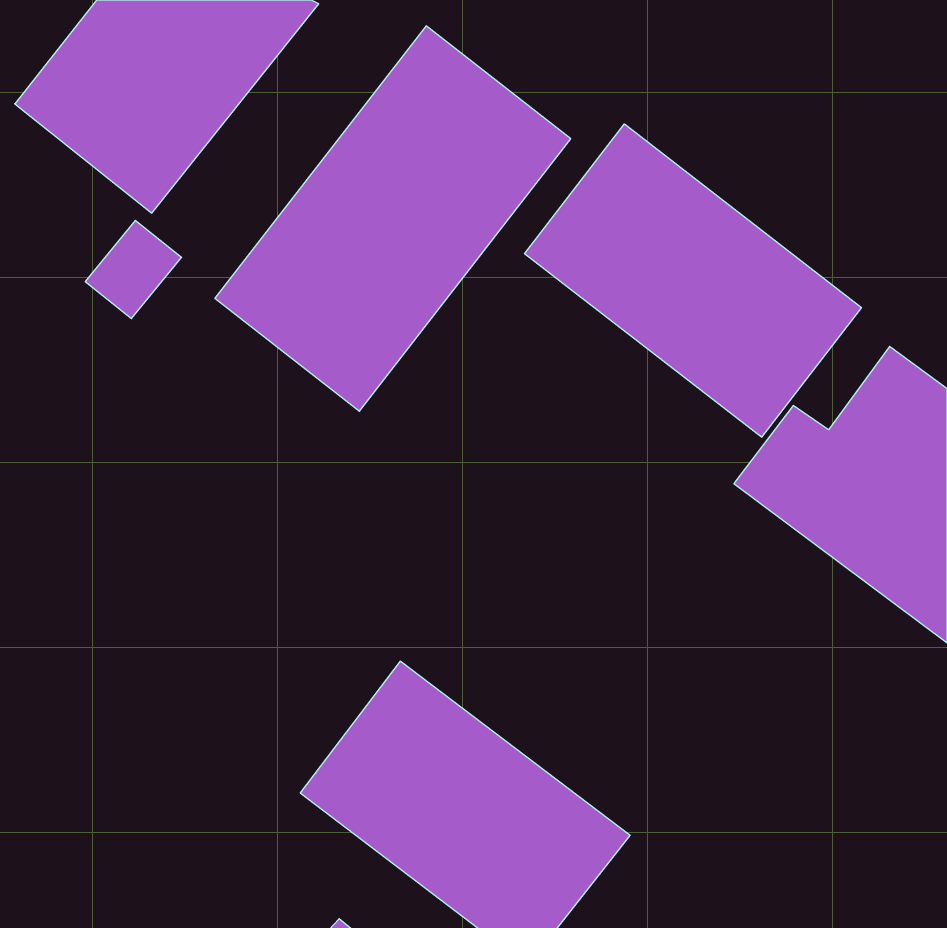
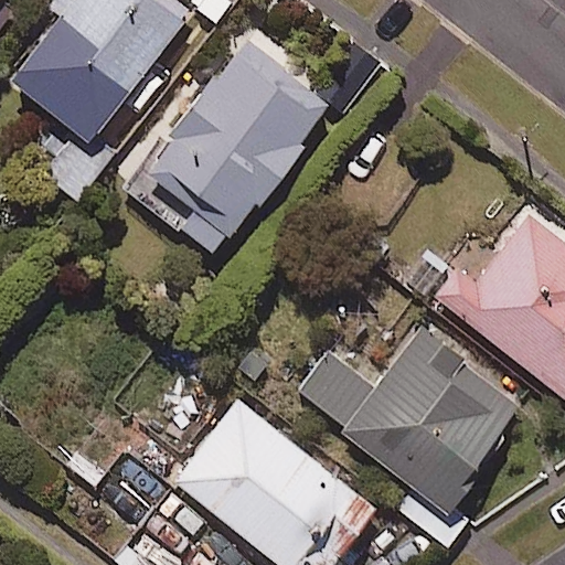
building: [525,124,861,437] -> none
building: none -> [299,331,520,513]

